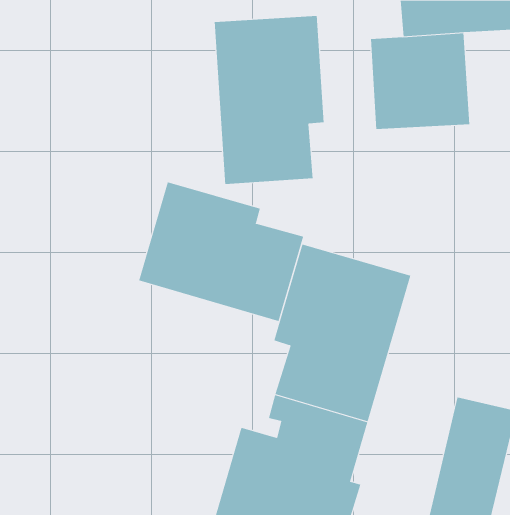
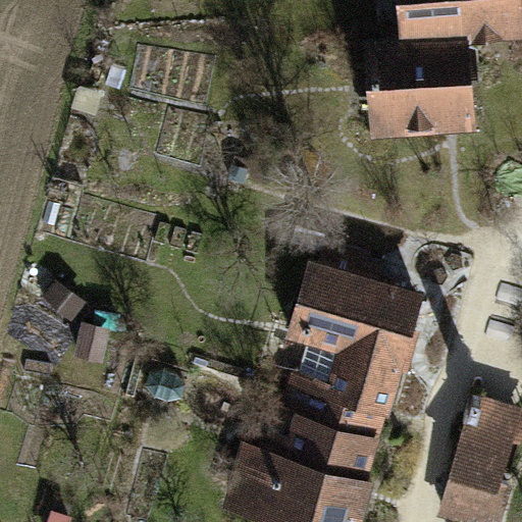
building: [214,15,324,185] -> none
building: [138,181,304,322] -> none

